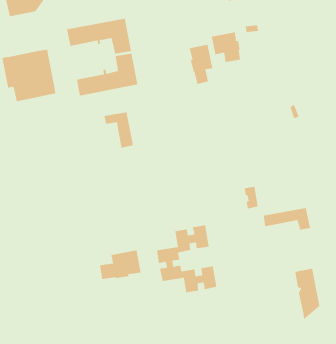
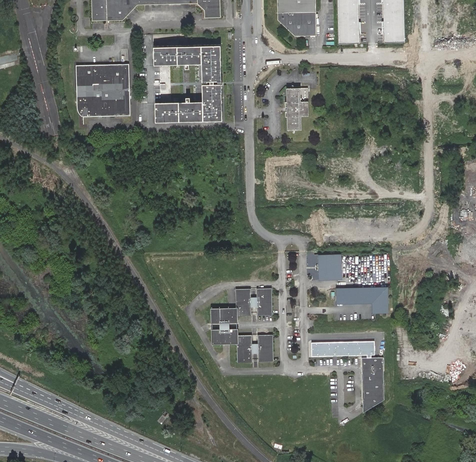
building: [211,32,240,63] -> none
building: [104,111,134,148] -> none
building: [100,250,141,280] -> none
building: none -> [310,341,374,357]

